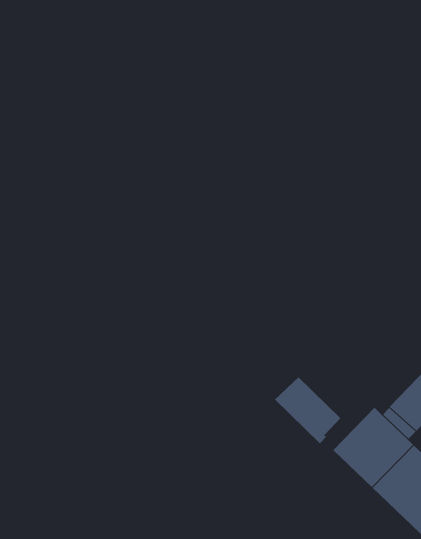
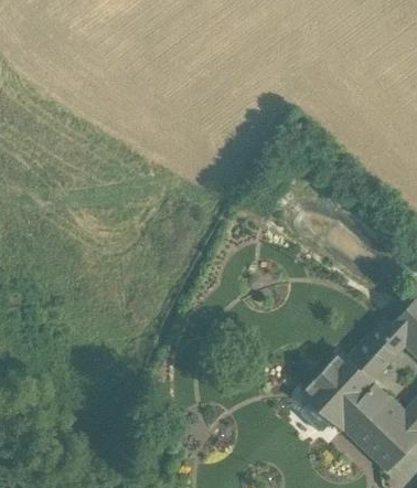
building: [274,376,341,444] -> none

